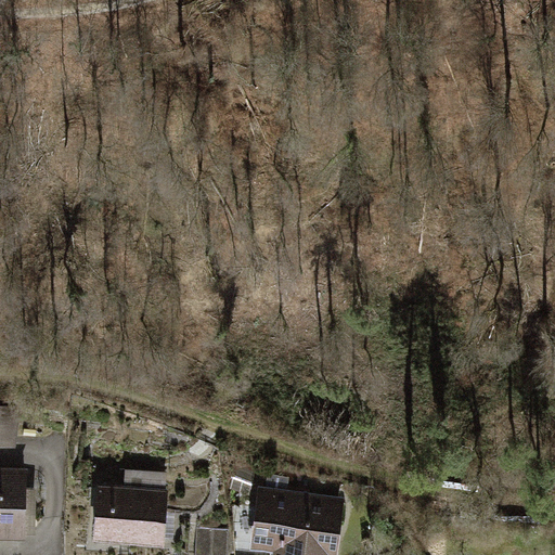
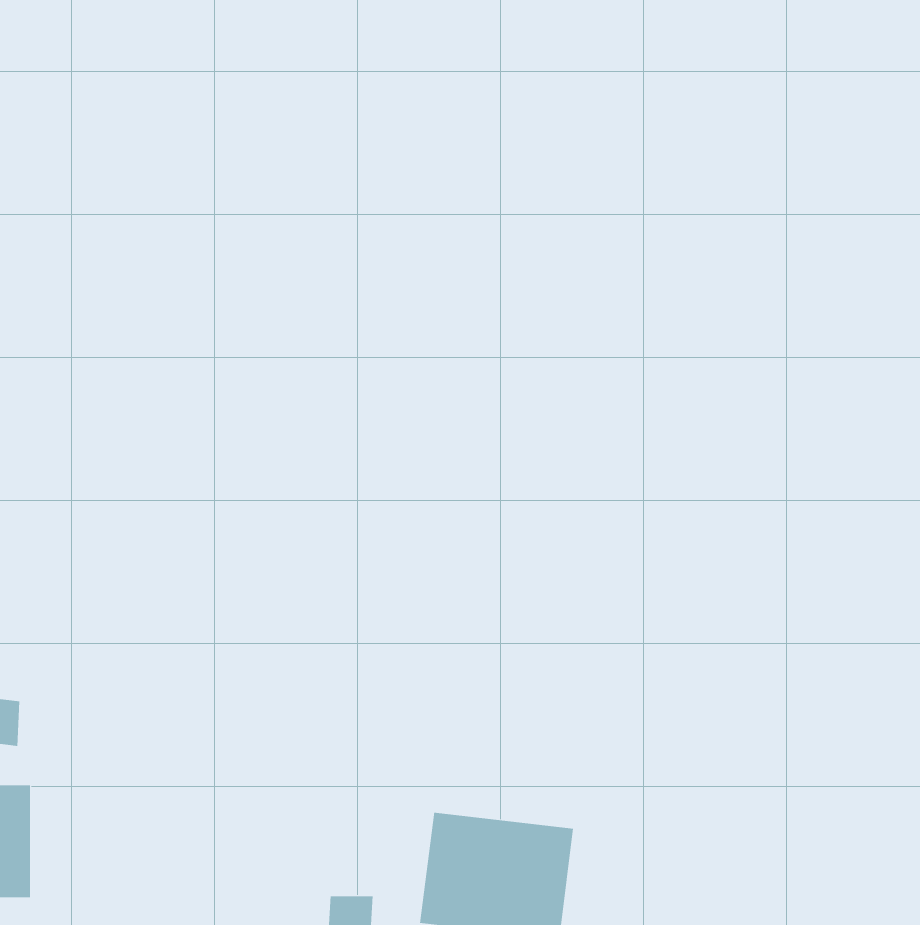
building: [96,489,160,542] -> none

